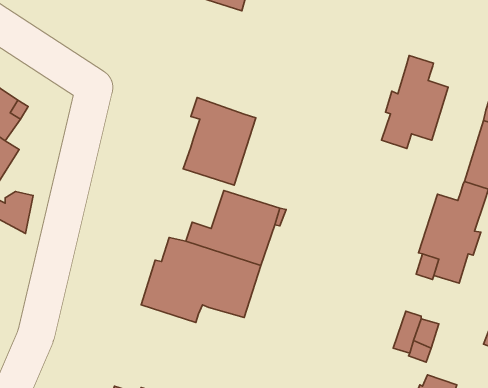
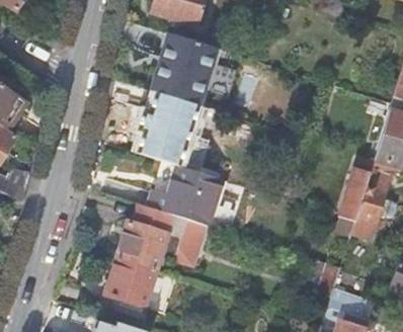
building: none -> [150,31,217,106]
building: [382,56,448,149] -> none
building: none -> [104,258,162,308]

